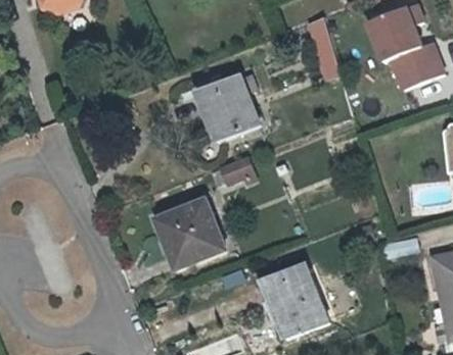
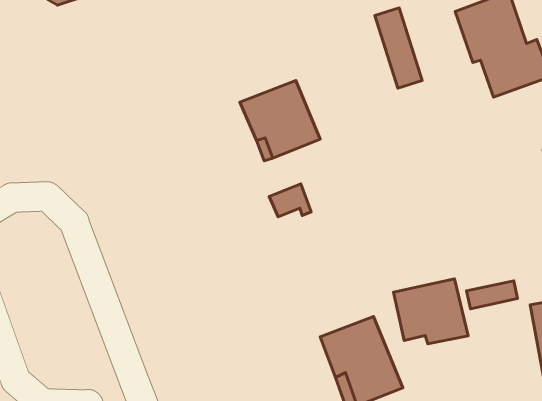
building: [156,201,224,269] -> none
building: none -> [393,279,468,344]

